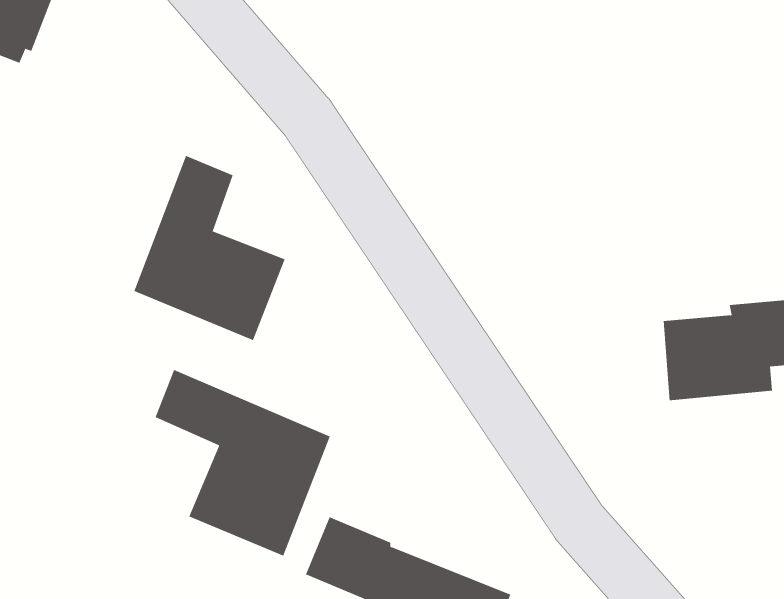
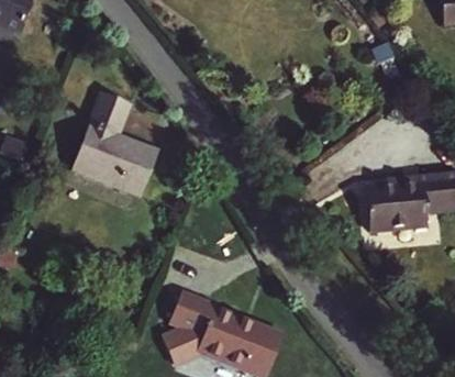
building: [155,369,330,556] -> none

